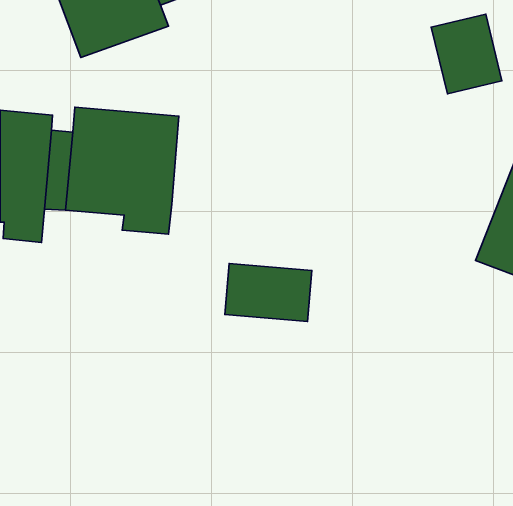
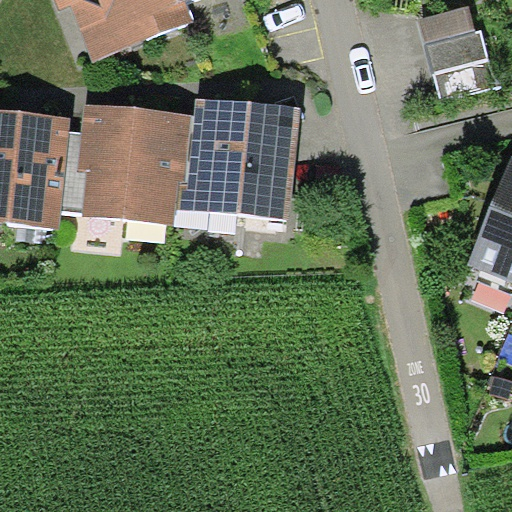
building: none -> [173,101,286,231]
building: [225,263,312,322] -> none

